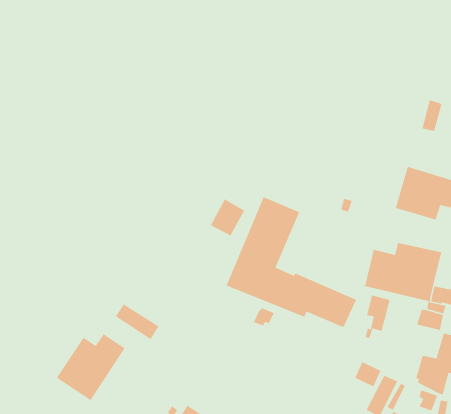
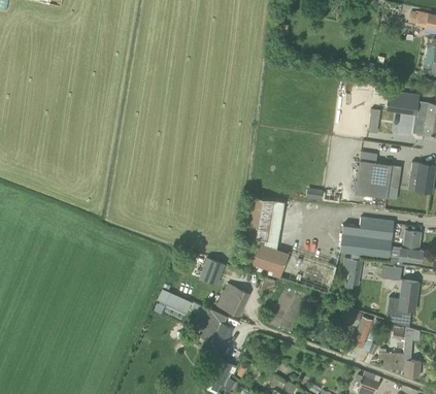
building: [210,198,245,236] -> [200,258,225,286]
building: none -> [217,284,250,317]
building: [56,333,125,401] -> none
building: none -> [198,309,234,349]

